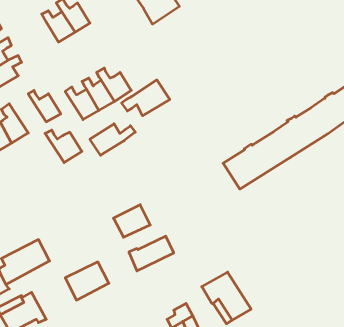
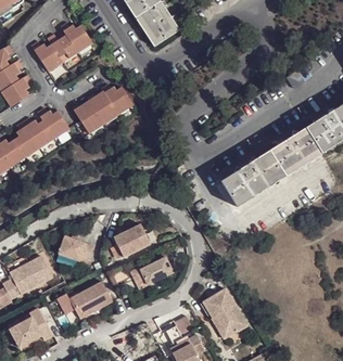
building: none -> [28,42,63,76]
building: [122,80,170,116] -> none
building: [90,124,135,155] -> none
building: [45,130,82,163] -> [15,121,51,153]
building: none -> [60,236,96,266]

